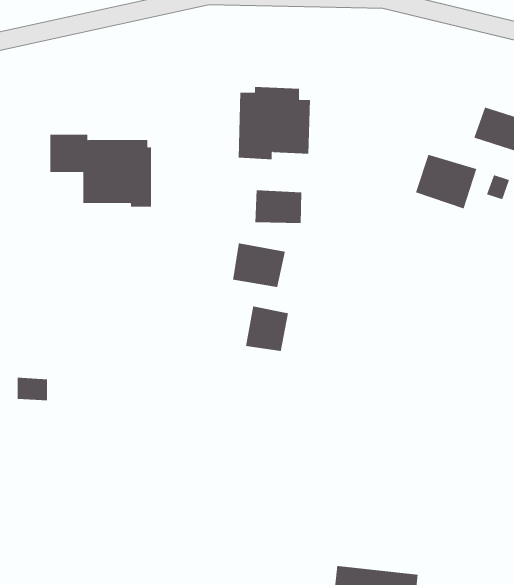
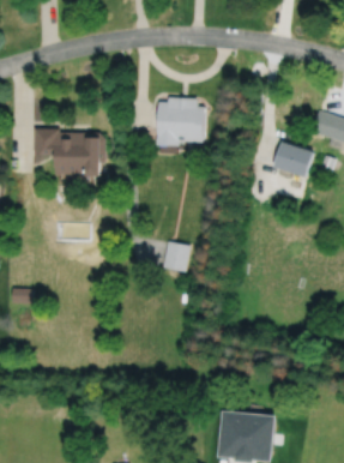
building: [255,189,302,224] -> none
building: [233,243,285,288] -> none

